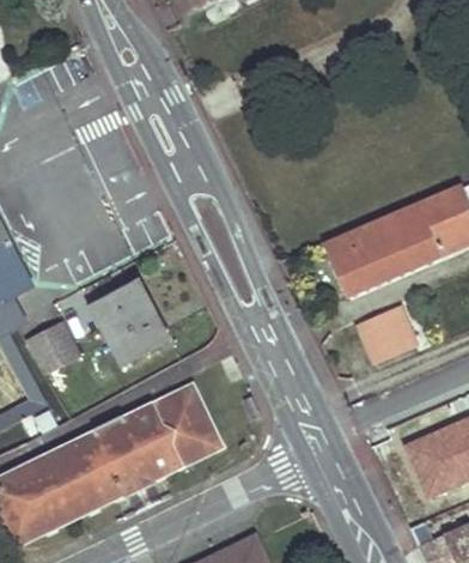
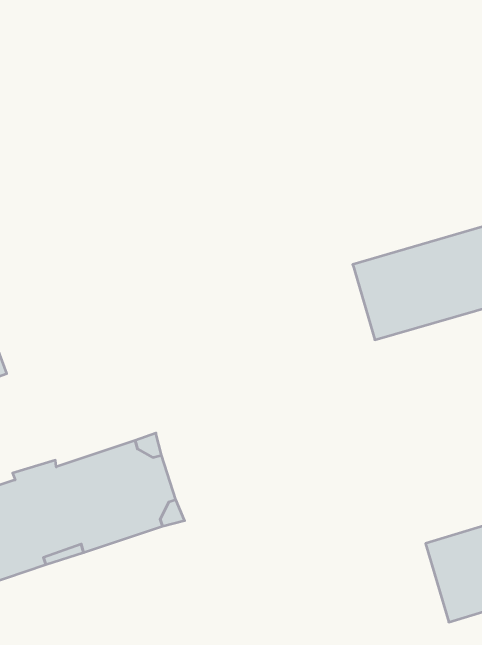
building: [90,277,171,362] -> none
building: [359,307,416,363] -> none

